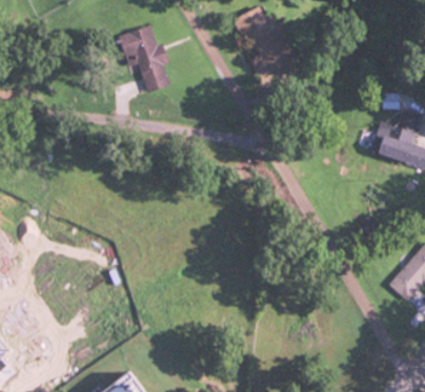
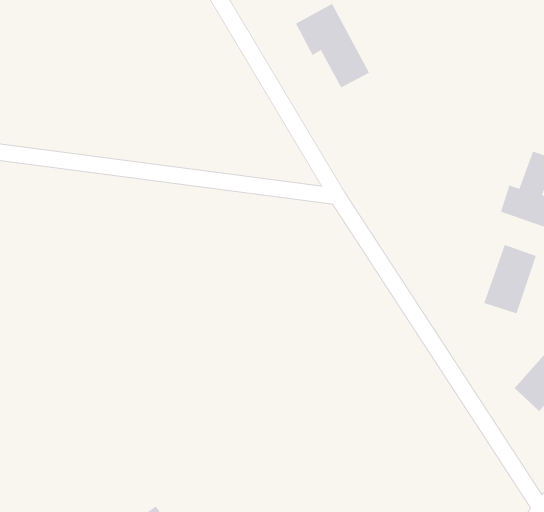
building: [117,28,170,93] -> none
building: none -> [483,244,536,314]

